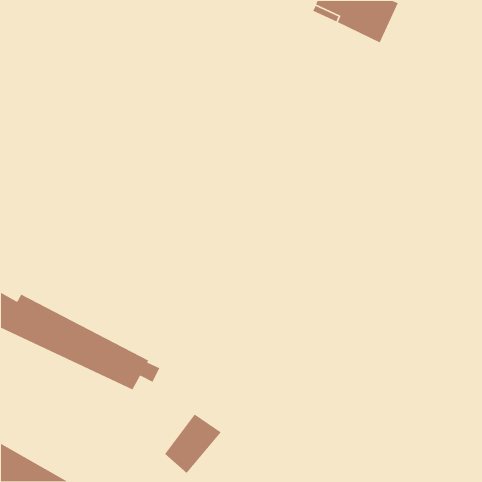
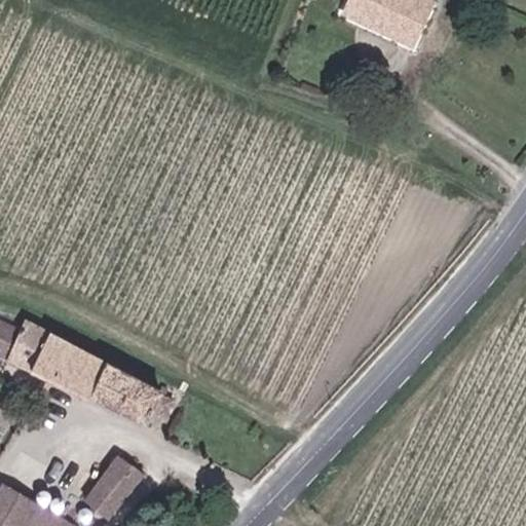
building: [164,413,222,474] -> [83,454,146,520]

